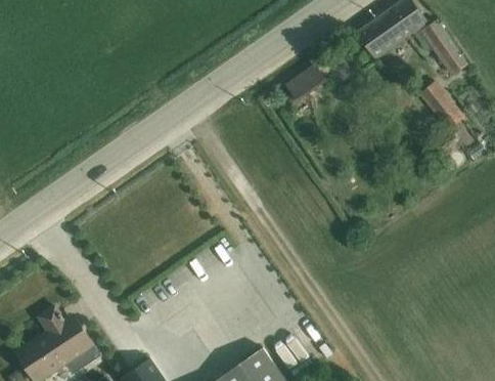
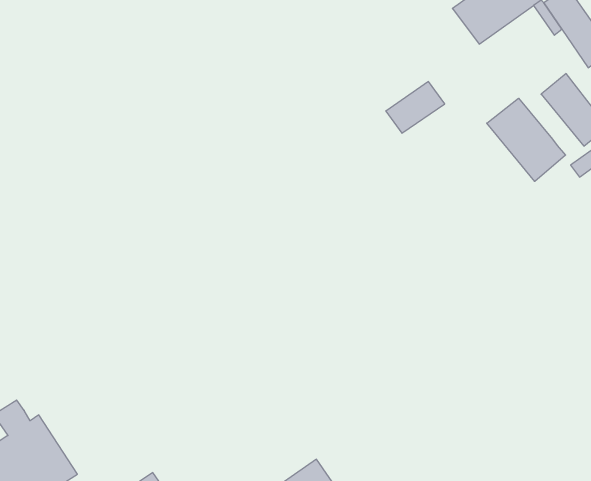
building: [284,65,325,100] -> [386,82,445,133]
building: none -> [487,98,566,181]

